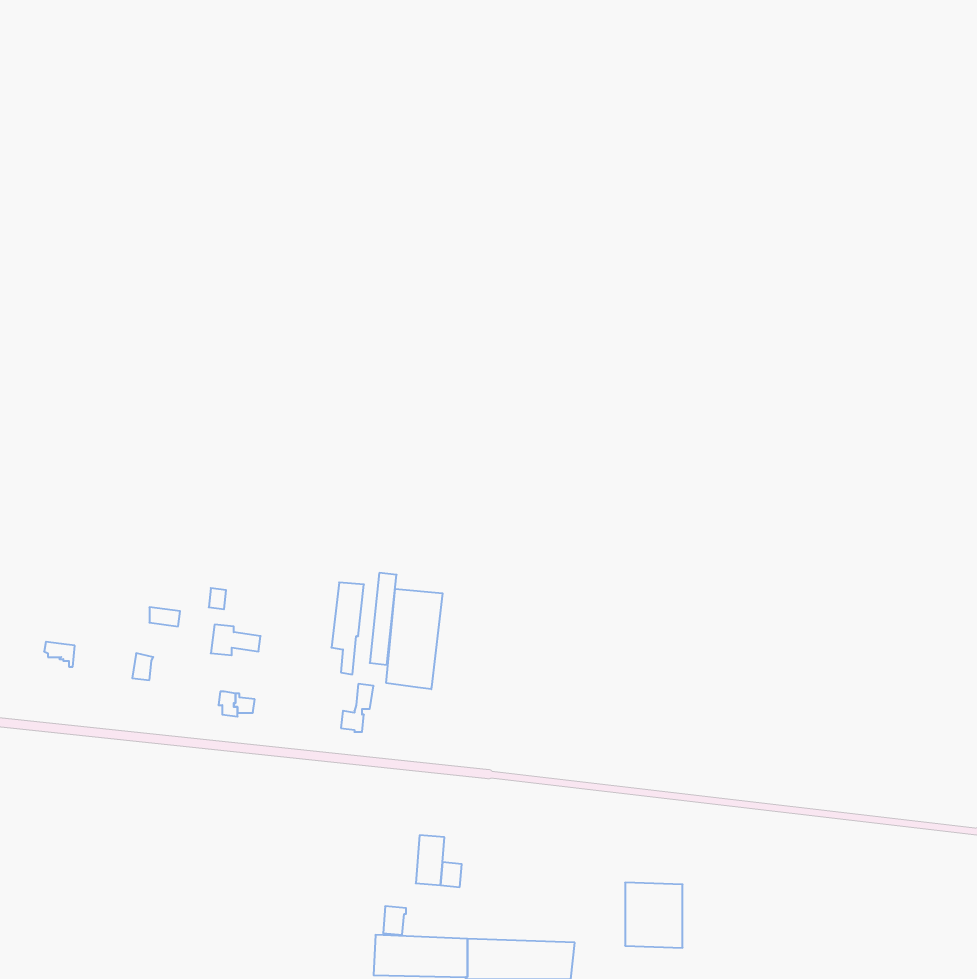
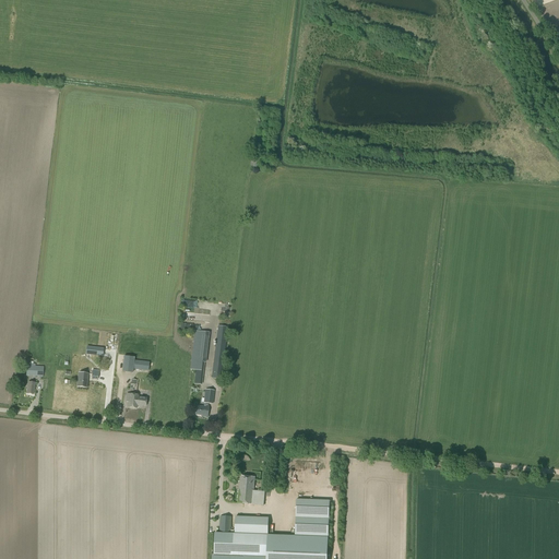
building: [386,589,443,689] -> none
building: [625,883,683,948] -> [295,499,328,536]
building: none -> [234,518,267,534]

